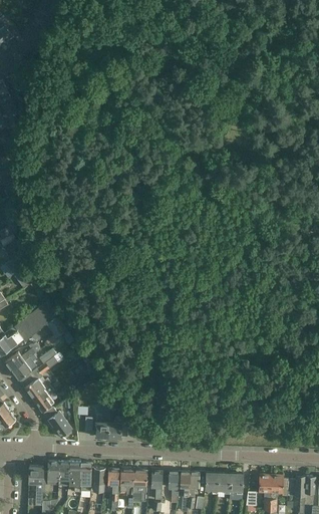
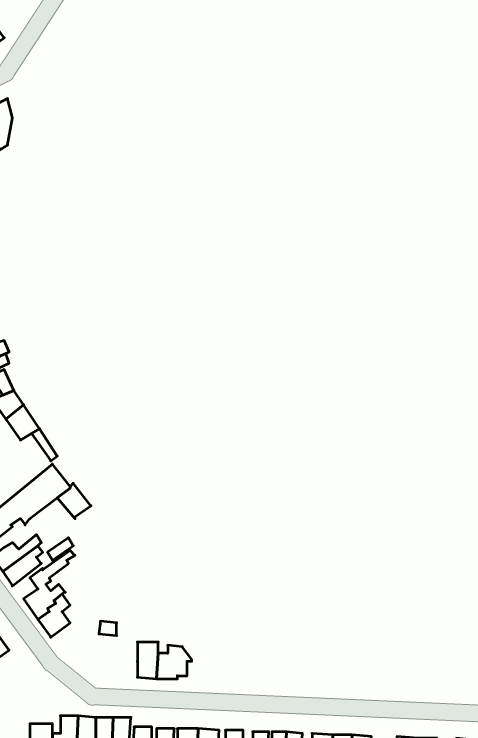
building: [43,407,71,438] -> none

